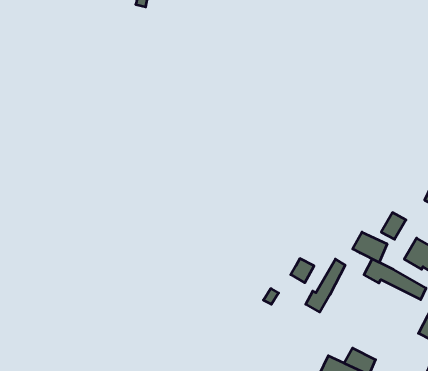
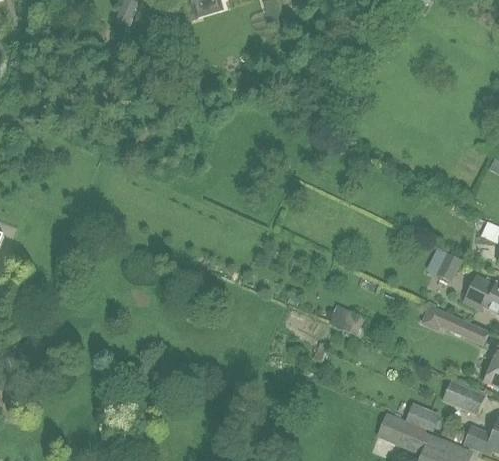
building: [353,232,387,262] -> none
building: [306,259,345,312] -> none
building: none -> [442,376,485,413]

